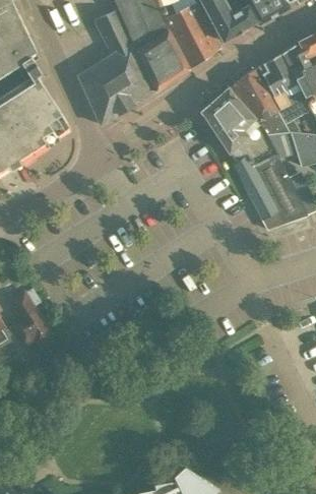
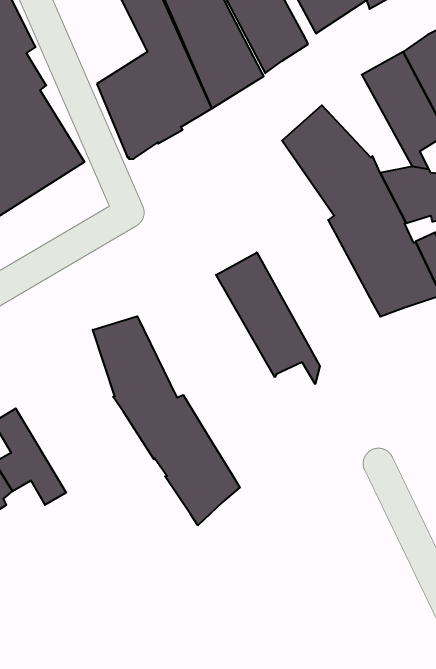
building: [228,69,288,134] -> none
building: none -> [216,252,320,384]
building: none -> [93,316,240,525]

